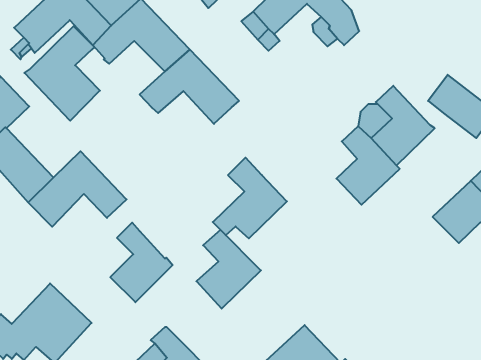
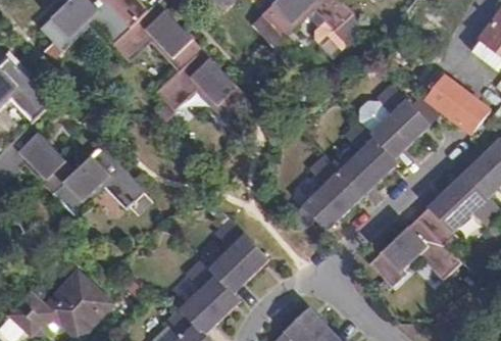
building: [24,26,100,121] -> none
building: [213,158,287,238] -> [293,154,362,230]
building: none -> [368,206,461,287]
building: [110,223,173,302] -> [181,258,239,333]

